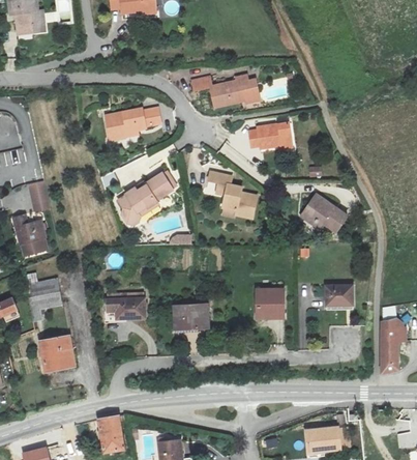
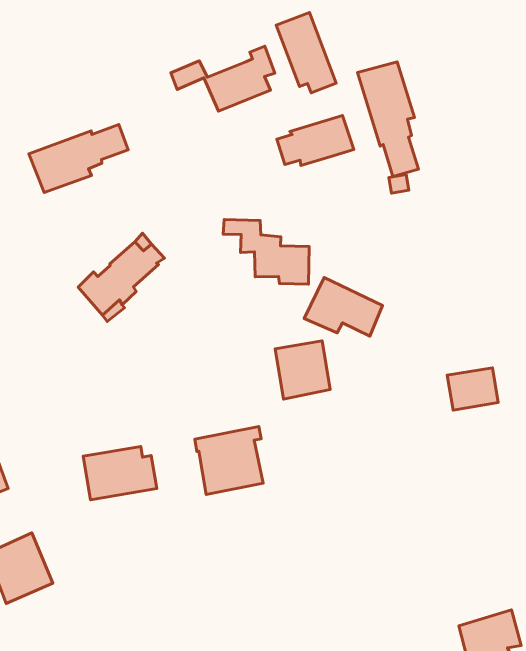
building: none -> [276,13,336,93]
building: none -> [358,62,418,177]
building: [300,194,347,232] -> [304,278,383,336]
building: [254,290,281,320] -> [275,341,330,399]

